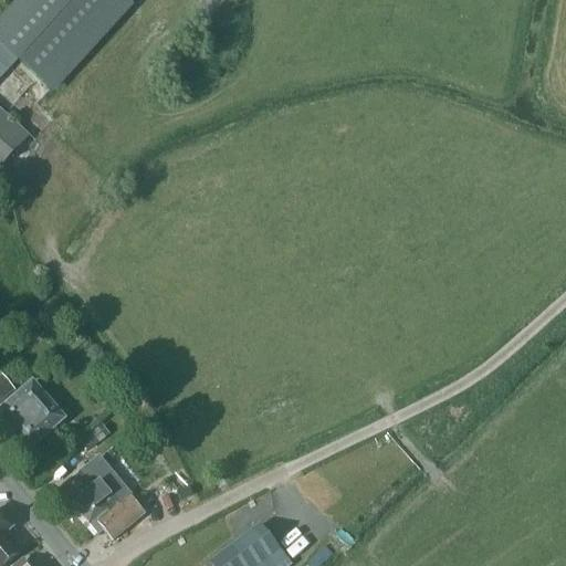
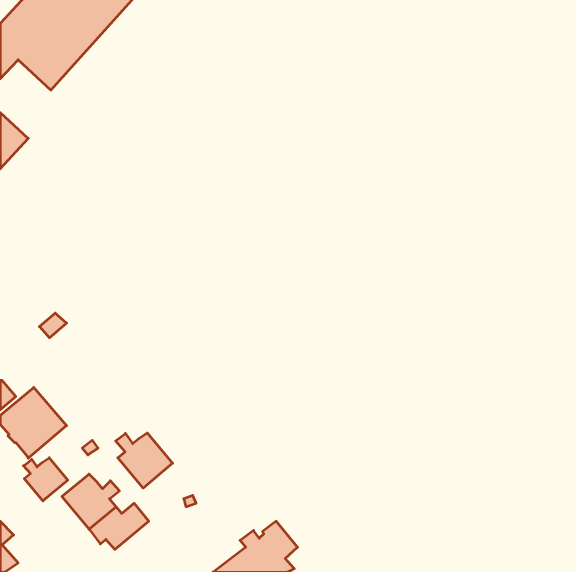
building: none -> [116,433,173,488]
building: none -> [23,458,68,501]

